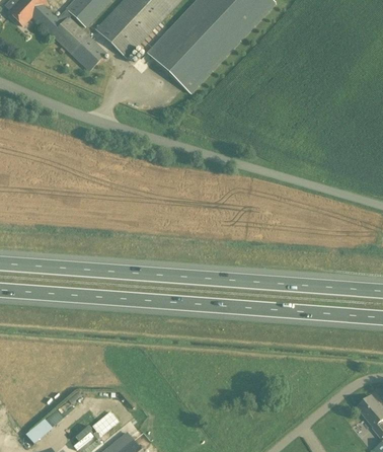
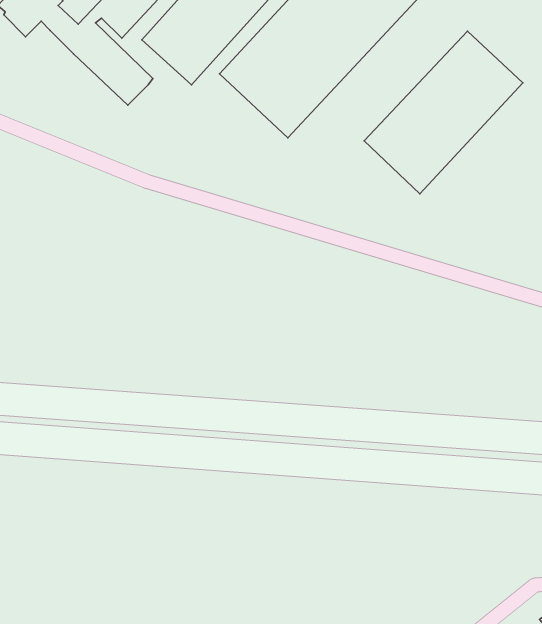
building: none -> [364,31,523,194]

